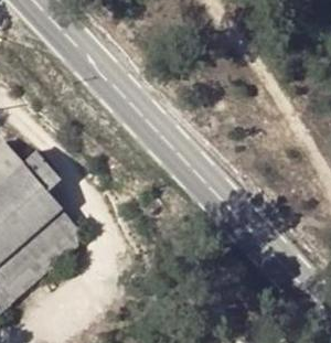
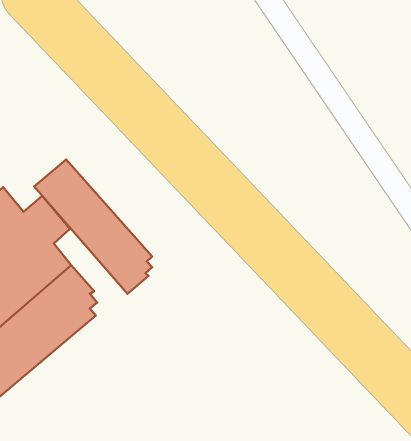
building: none -> [34,160,152,294]

